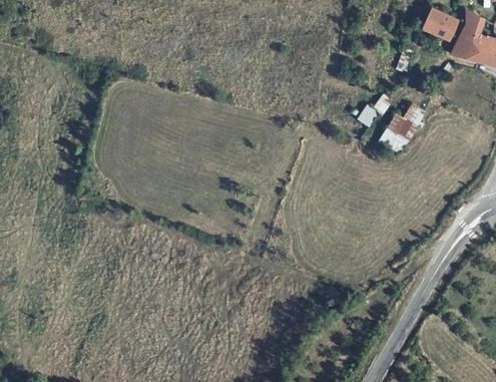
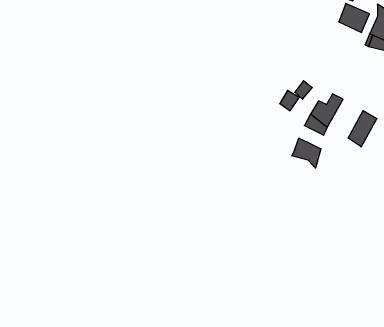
building: none -> [348,111,377,147]
building: none -> [292,138,321,168]

